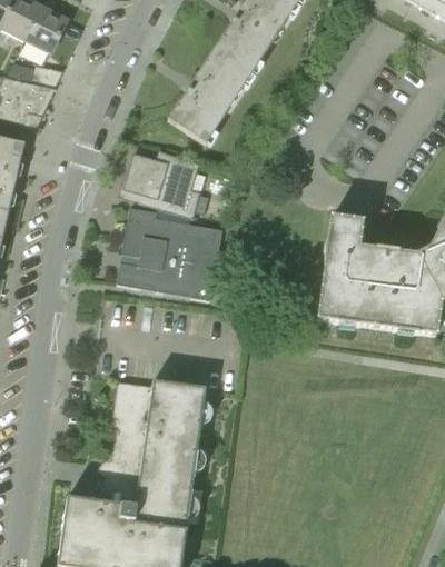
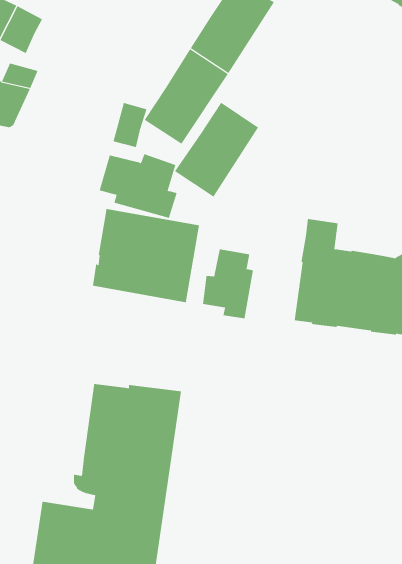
building: none -> [174,102,259,197]
building: none -> [113,102,147,148]
building: none -> [203,248,254,319]

